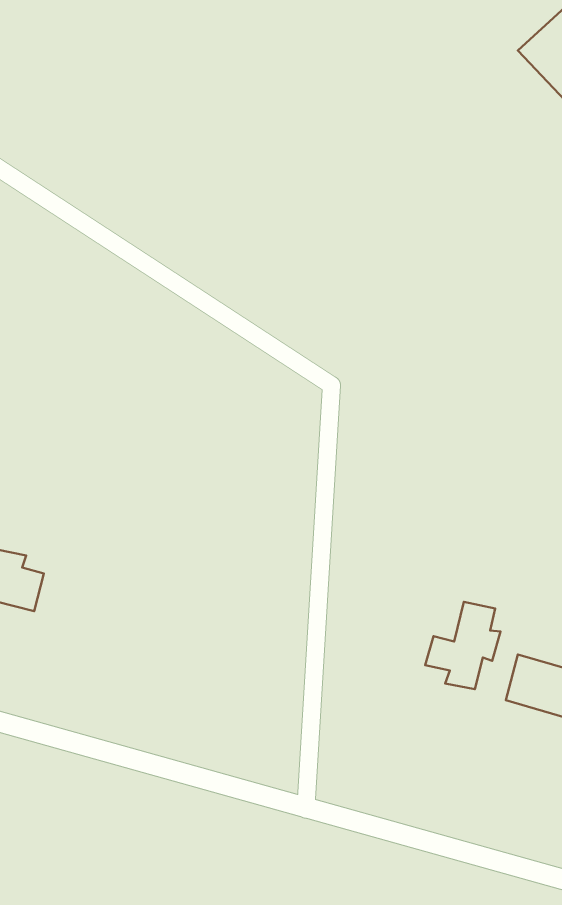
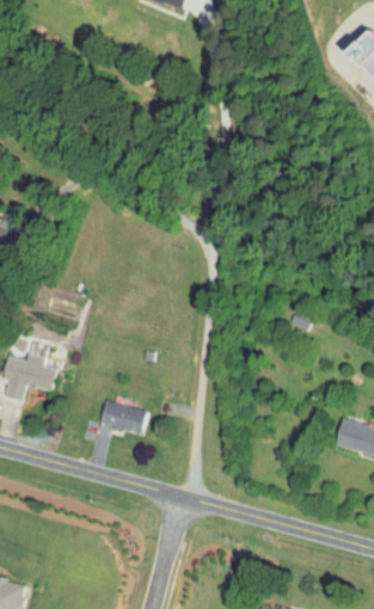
building: [425,602,500,689] -> none
building: none -> [98,401,146,432]

